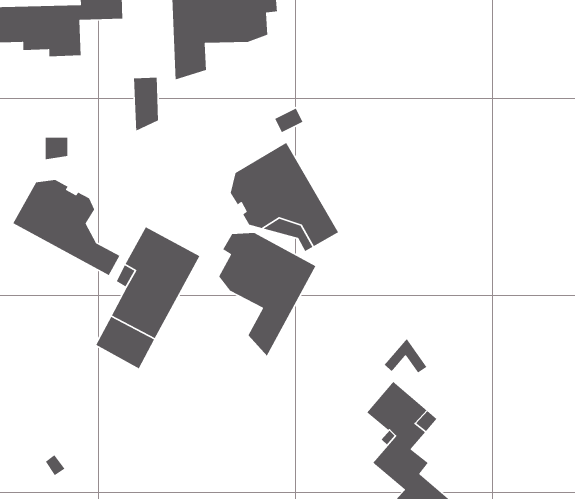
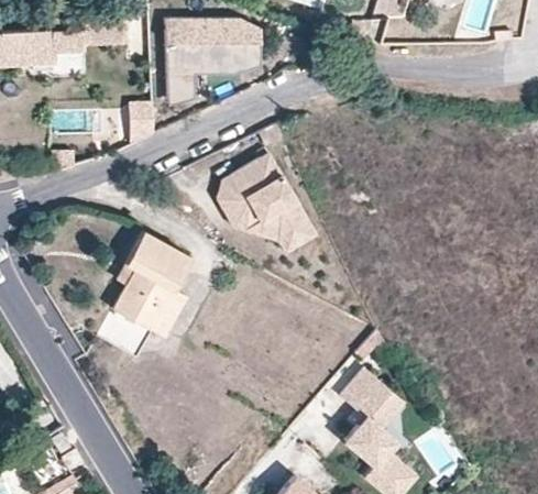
building: [12,179,120,276] -> none
building: [218,232,316,357] -> none

